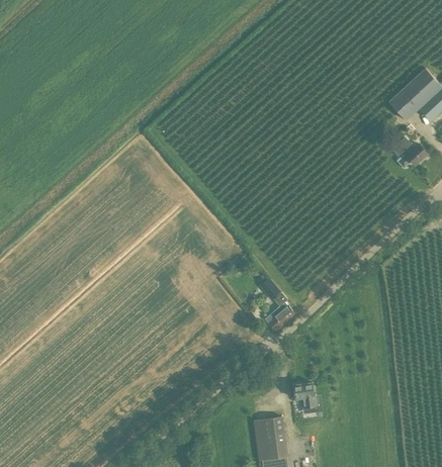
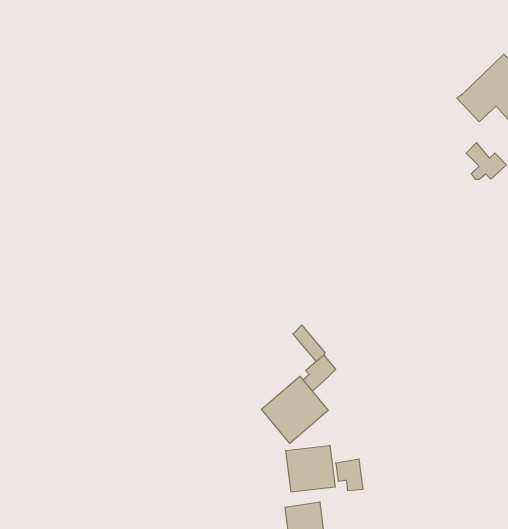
building: none -> [261,376,328,443]
building: none -> [286,445,335,492]

